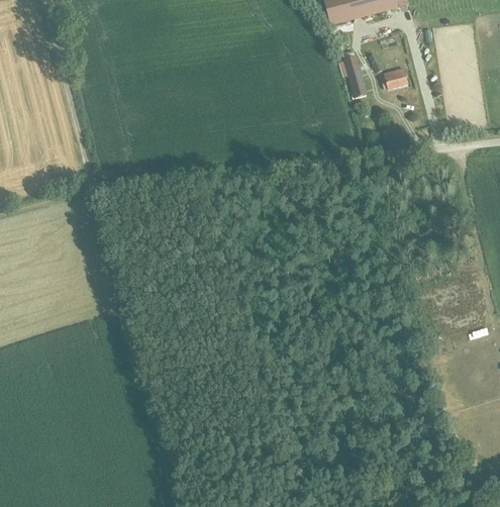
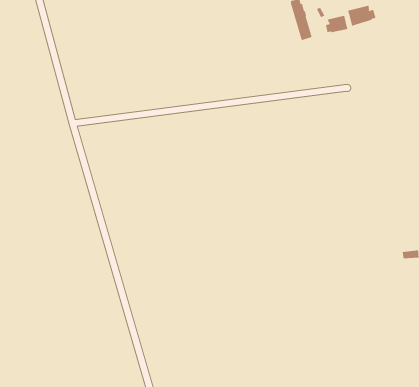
building: none -> [348,5,376,26]

